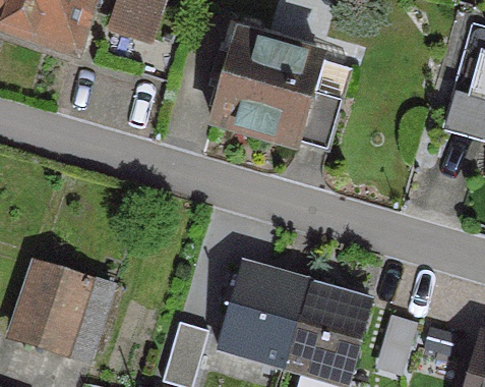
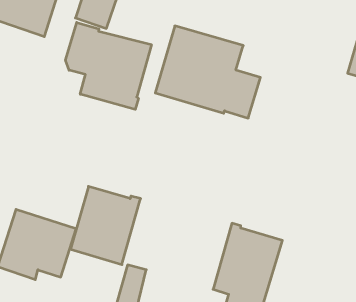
building: none -> [66,22,151,109]
building: [218,266,305,364] -> [71,186,141,265]

